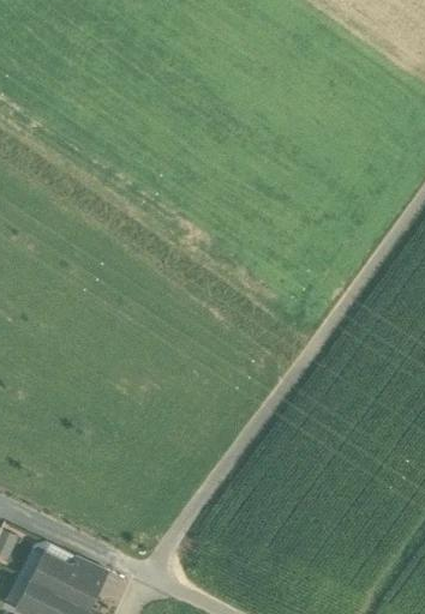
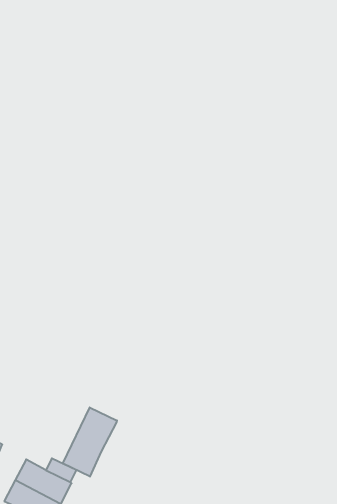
building: none -> [63,407,117,477]

